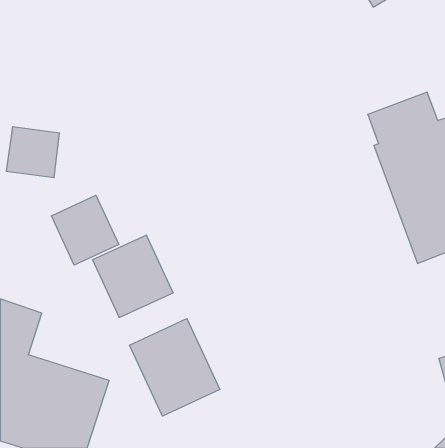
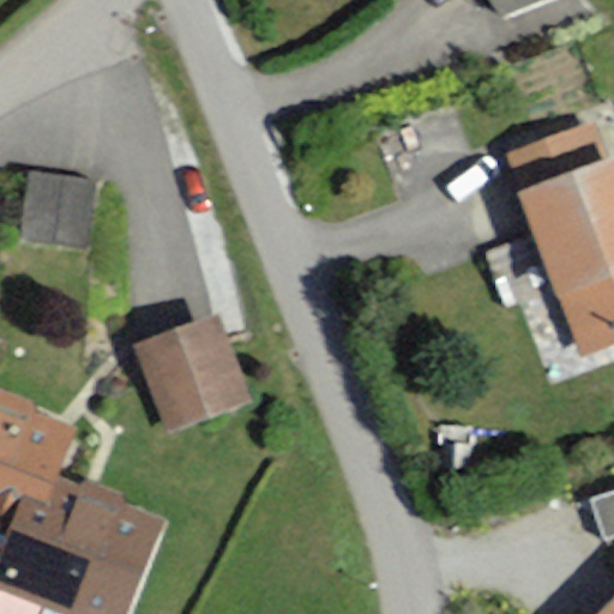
building: [51,195,119,265] -> none
building: [130,319,220,416] -> none

